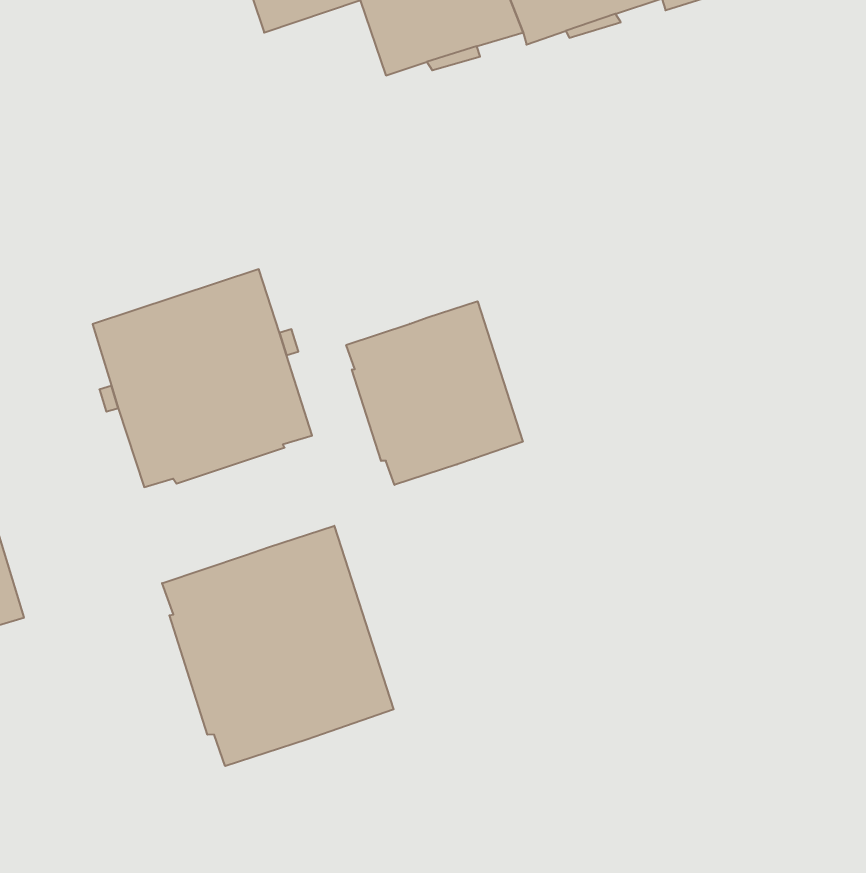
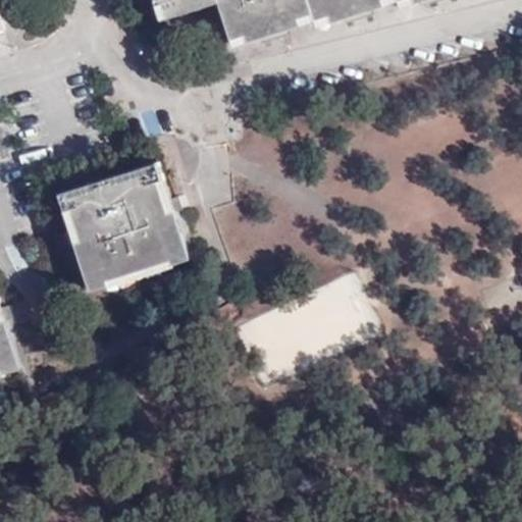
building: [346,301,523,485] -> none
building: [162,526,394,766] -> none

